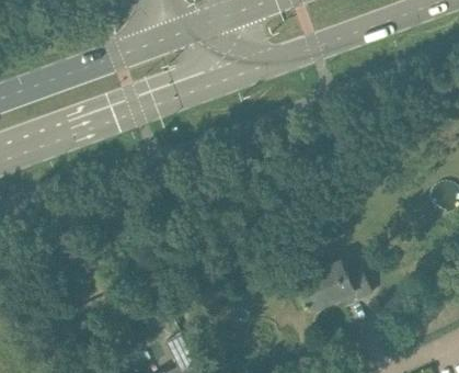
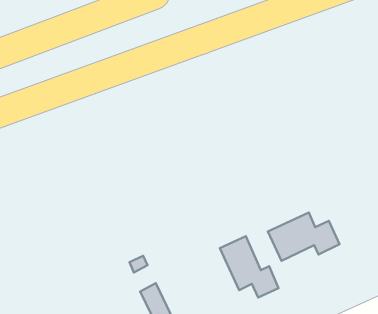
building: none -> [220,236,279,298]

